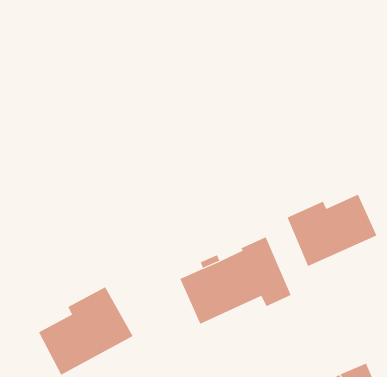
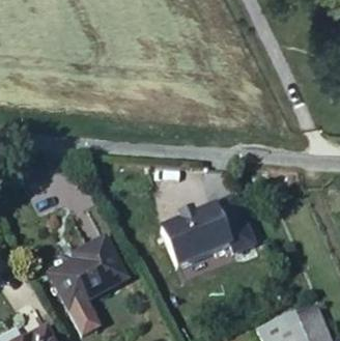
building: [287,194,377,267] -> none

